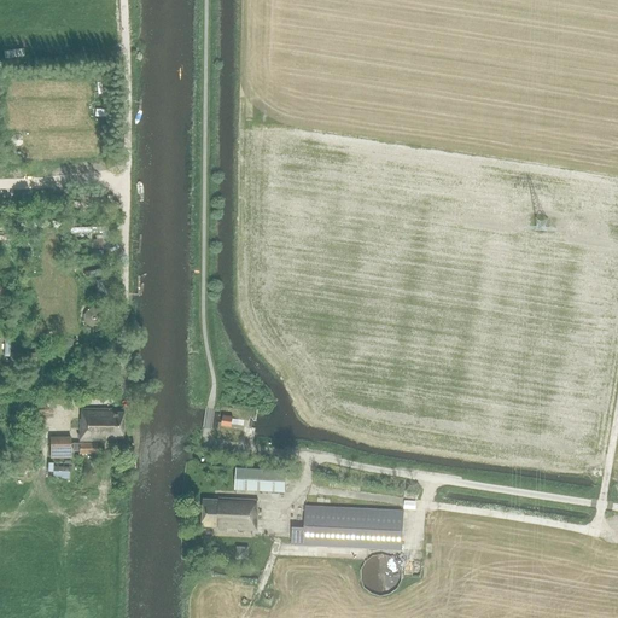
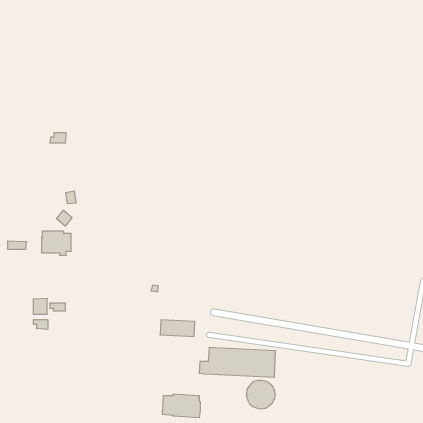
building: [78,407,122,442] -> [41,231,71,255]
building: [200,495,256,529] -> [162,394,200,418]

